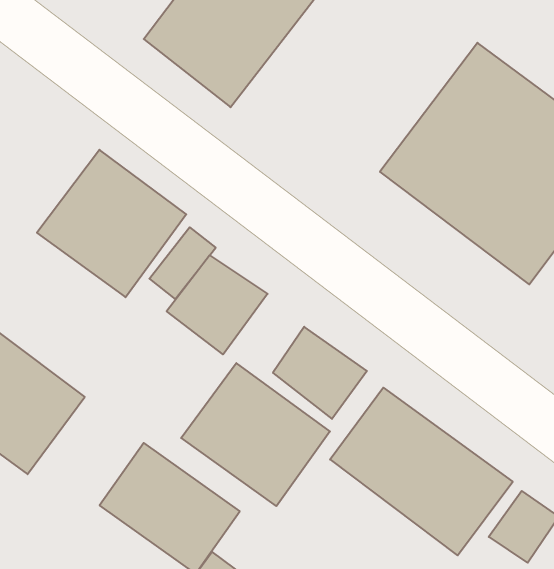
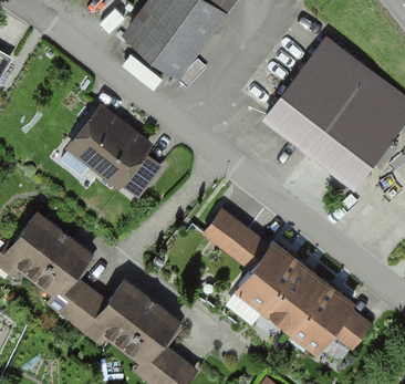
building: [167,255,268,354] -> none
building: [181,363,330,506] -> none
building: none -> [49,276,110,336]

